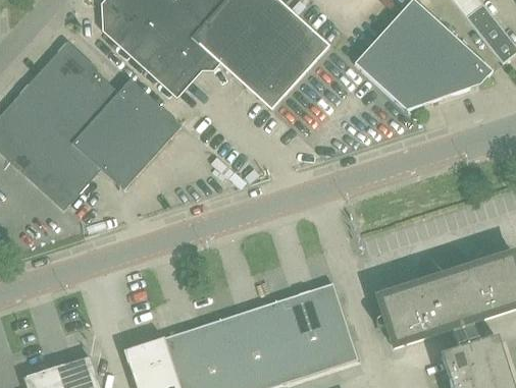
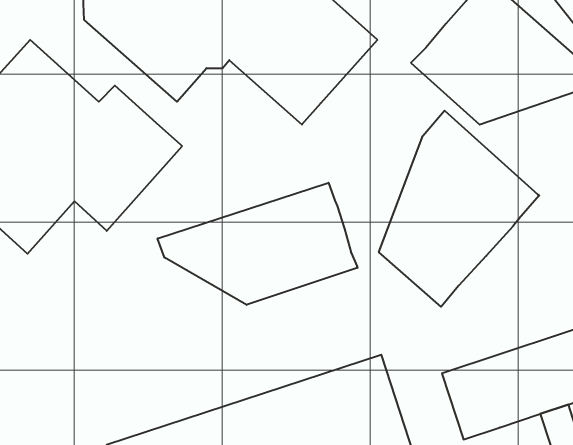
building: none -> [379,111,539,307]
building: none -> [158,183,358,305]

